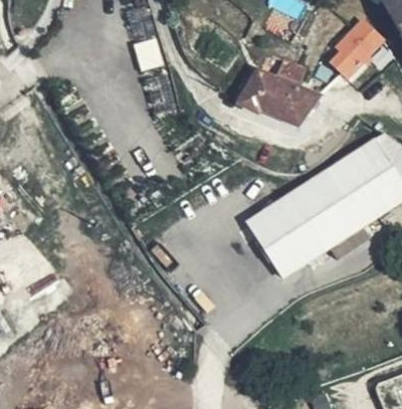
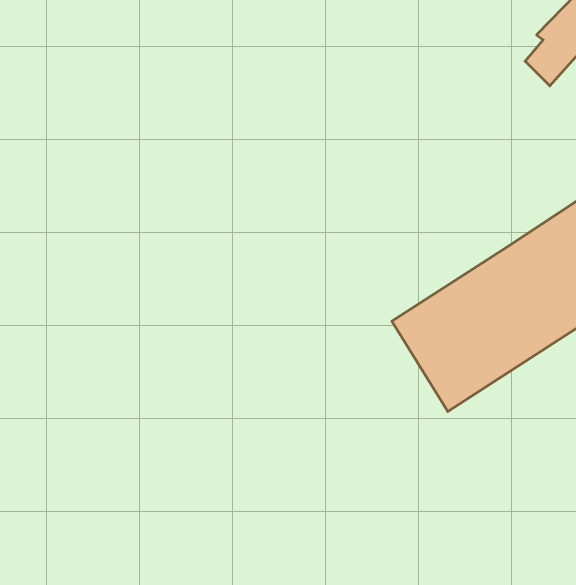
building: [241,71,320,126] -> none

